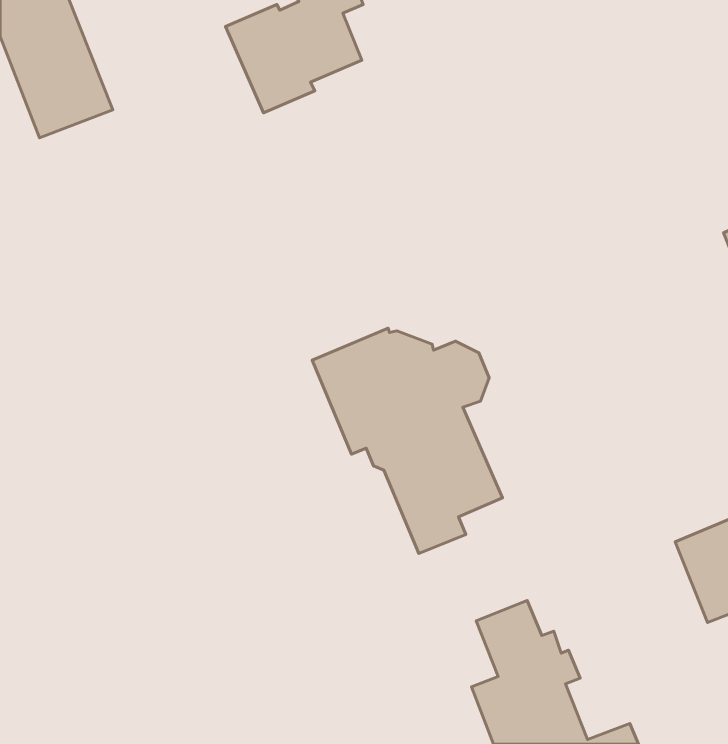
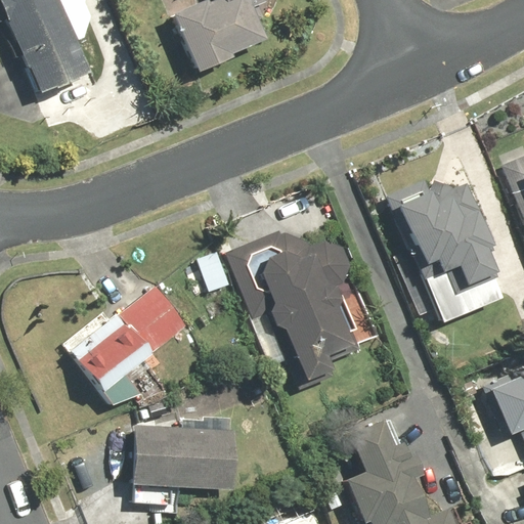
building: none -> [391,179,494,293]
building: none -> [72,285,190,392]
building: none -> [132,425,238,489]

